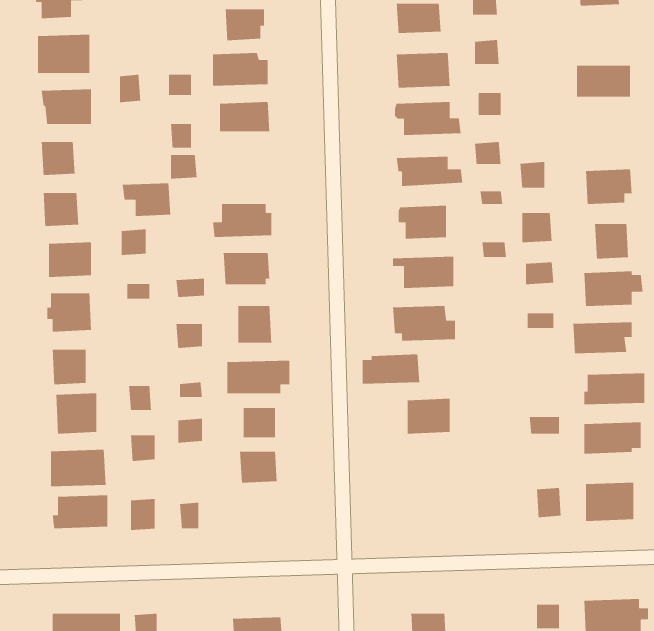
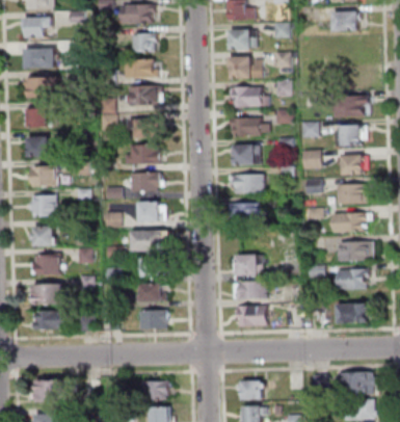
building: none -> [335,97,369,117]
building: [122,182,171,217] -> [130,120,158,139]
building: [362,354,420,385] -> [234,282,267,299]
building: none -> [236,307,266,326]
building: none -> [139,310,166,329]

